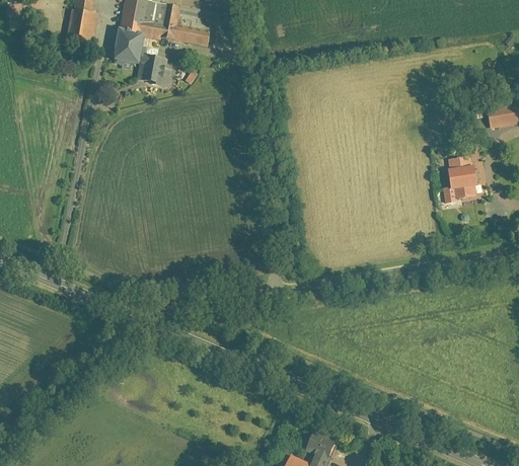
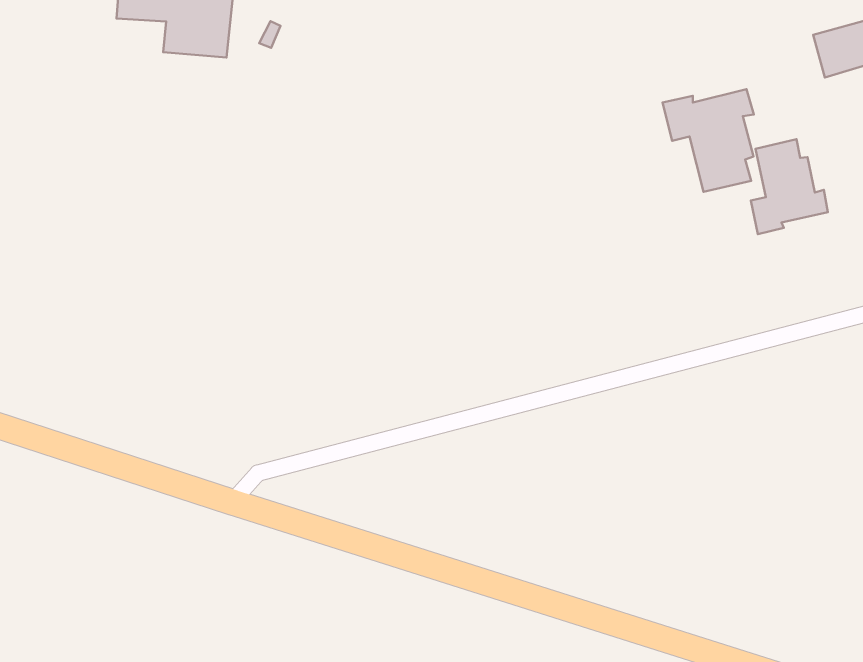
building: none -> [662,89,754,192]

